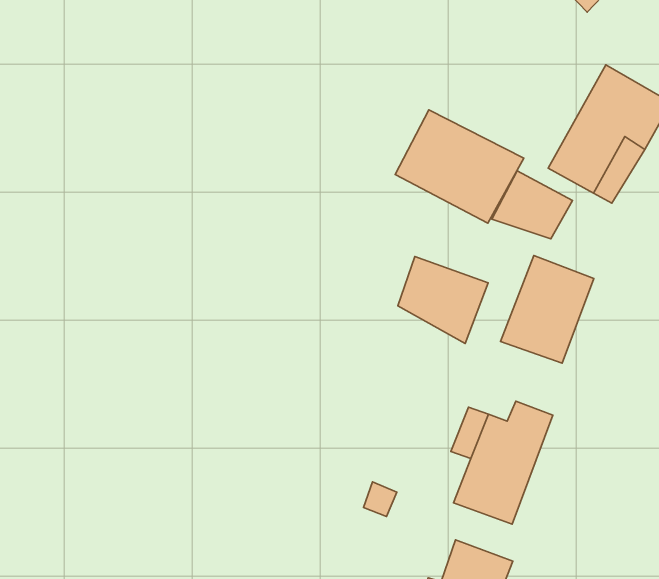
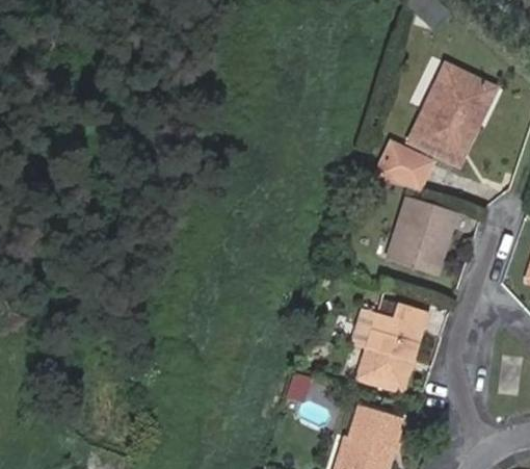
building: [395,110,524,223] -> none
building: [398,256,488,344] -> none

